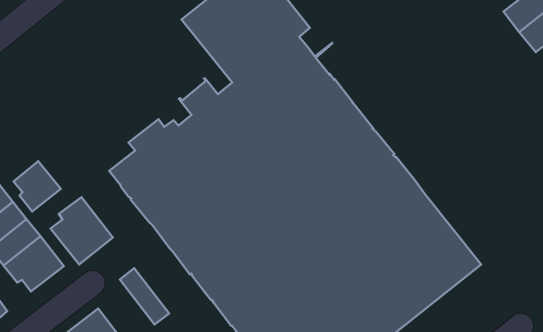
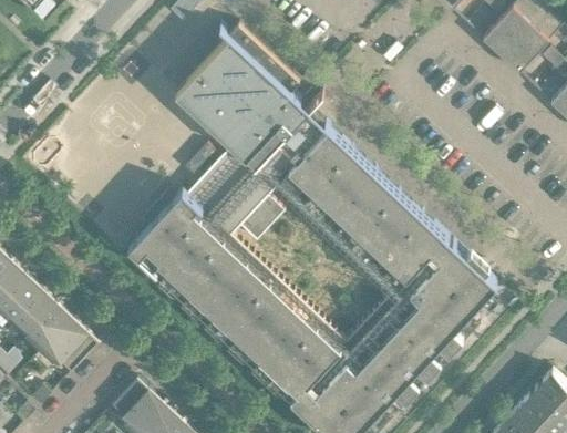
building: [14,161,61,212] -> none
building: [51,197,113,265] -> none
building: [120,268,169,325] -> none

